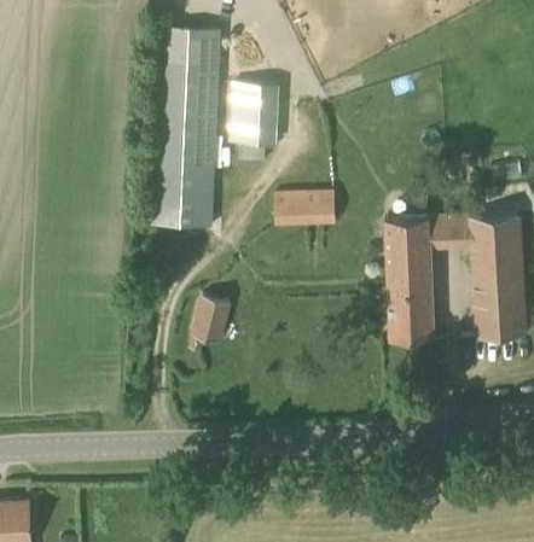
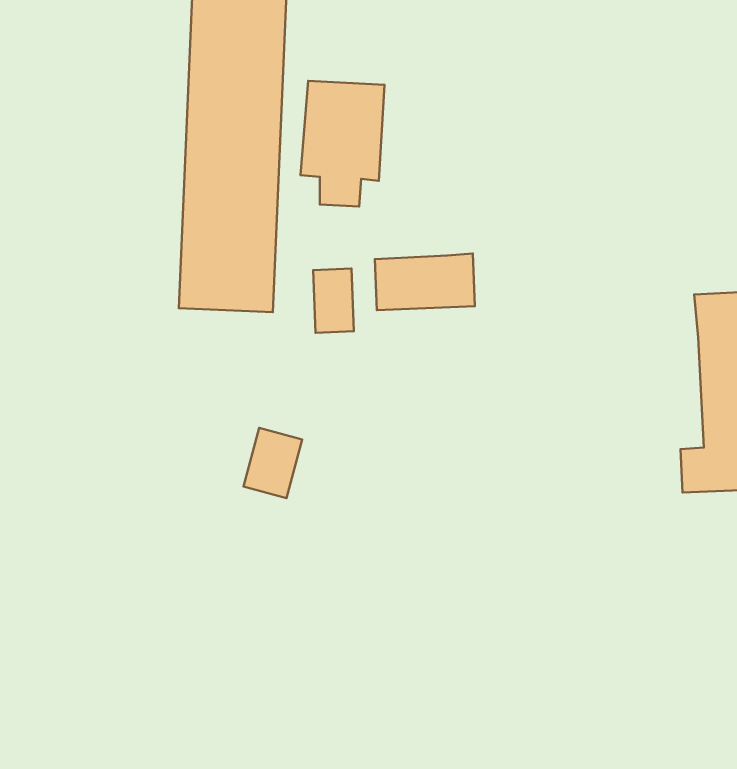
building: none -> [313,268,354,333]
building: [387,220,435,342] -> none

